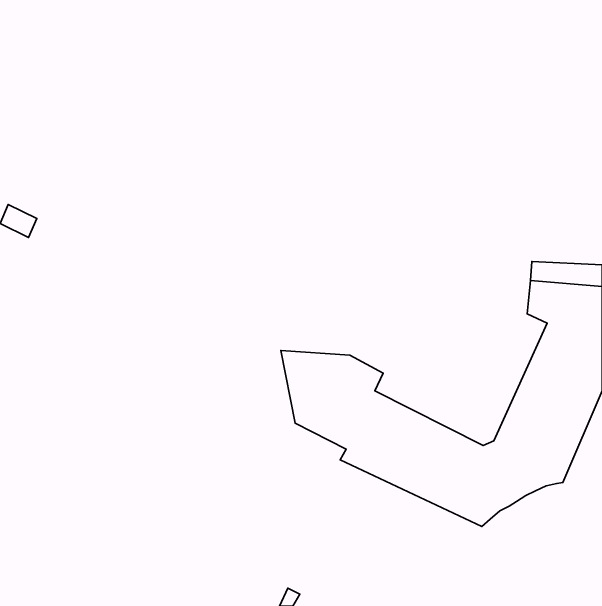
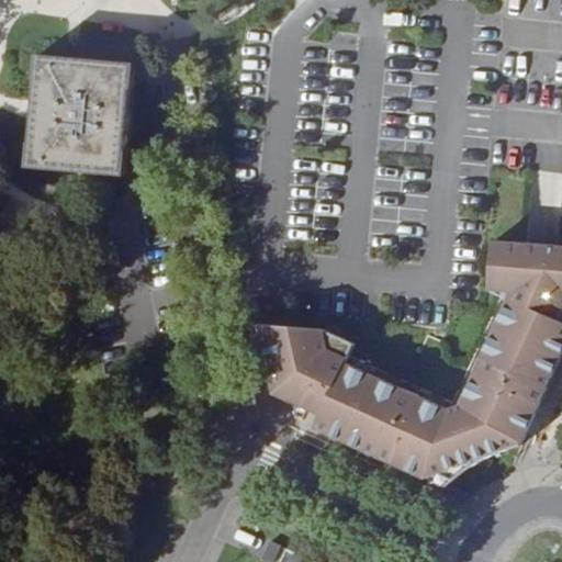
building: none -> [25,55,131,176]

